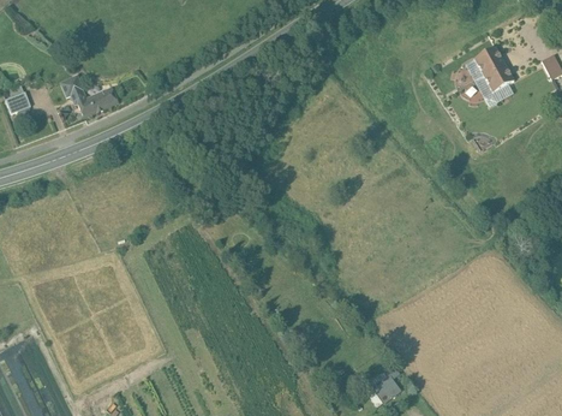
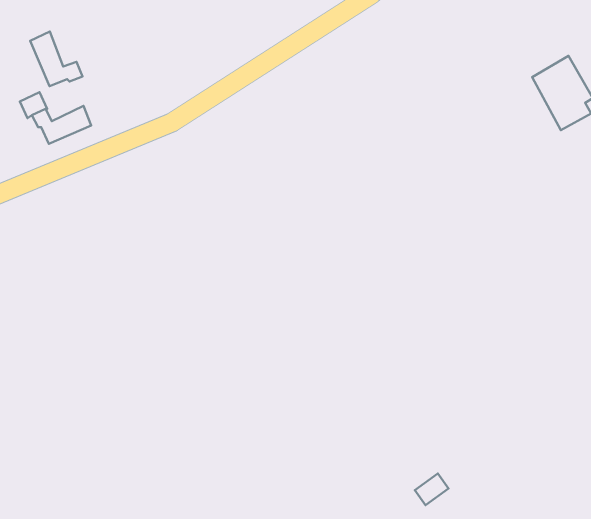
building: none -> [30,31,83,86]

